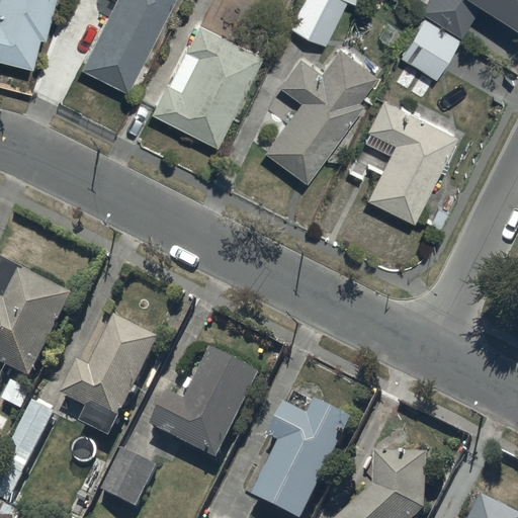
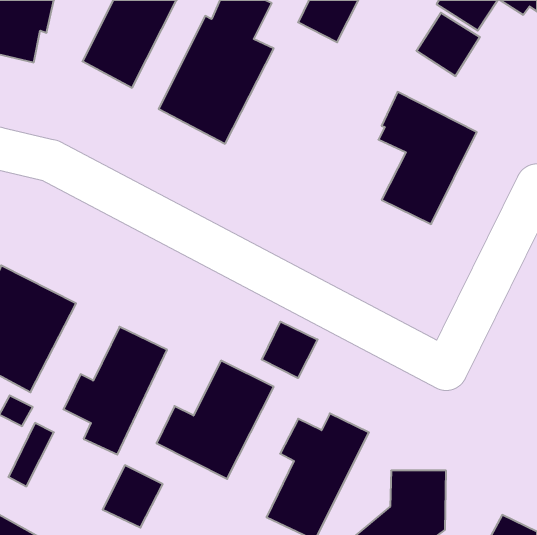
building: [264,44,376,178] -> none
building: none -> [262,322,318,378]

